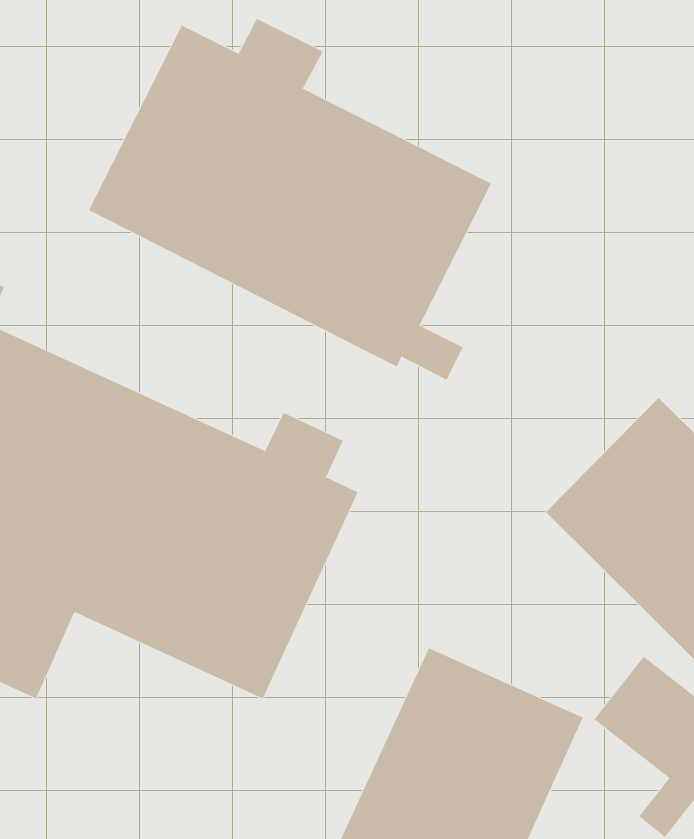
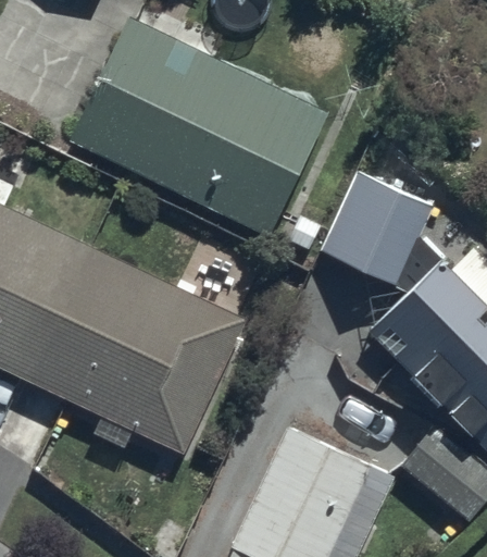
building: none -> [323,171,434,286]

